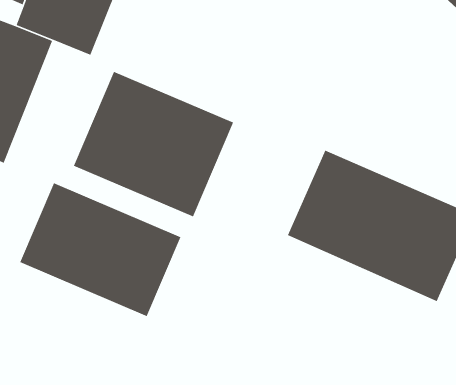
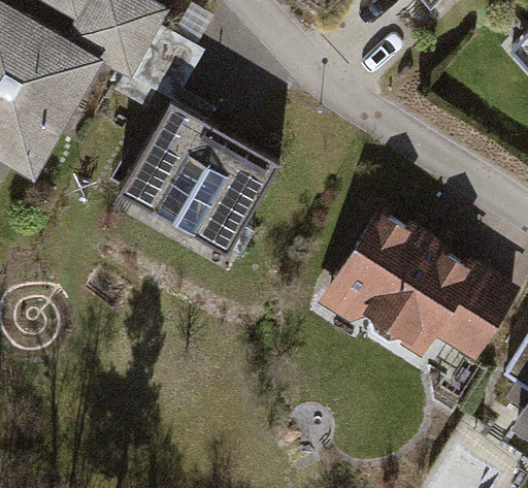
building: [19,182,182,317] -> none

